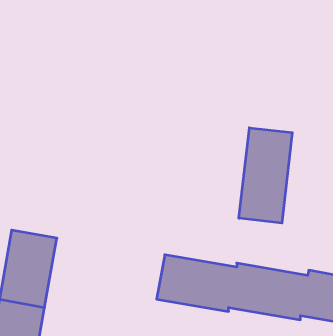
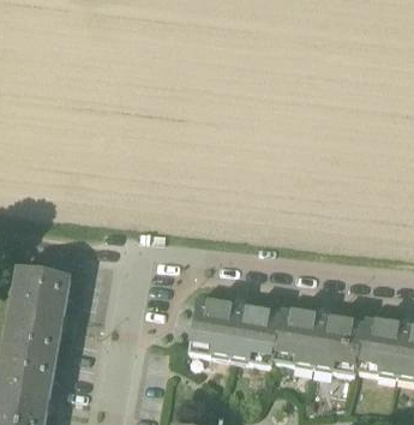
building: [239,128,292,223] -> none

